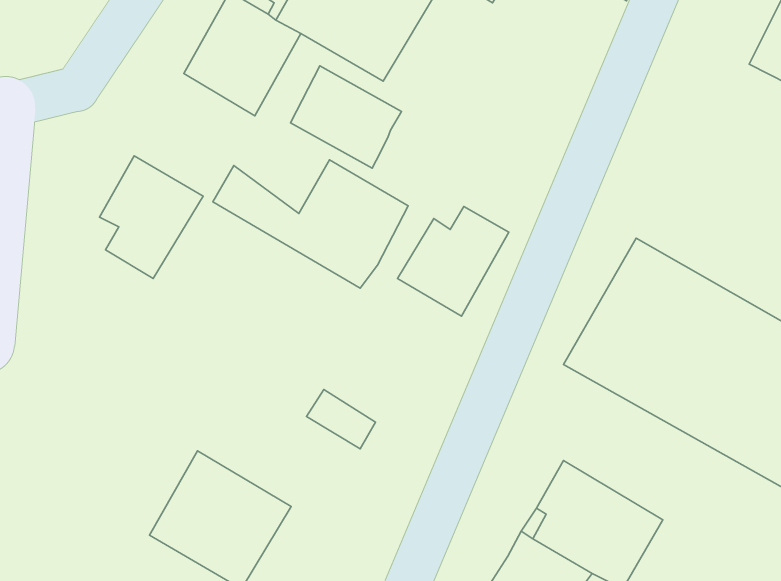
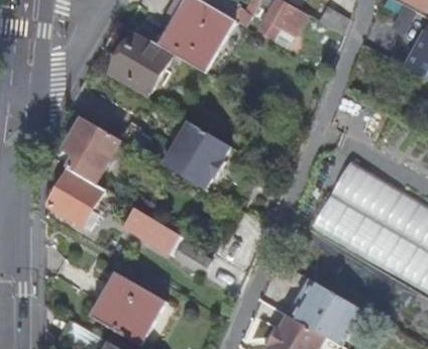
building: [291,66,401,168] -> none
building: [397,207,509,316] -> none
building: none -> [46,167,104,226]
building: none -> [123,207,179,252]

